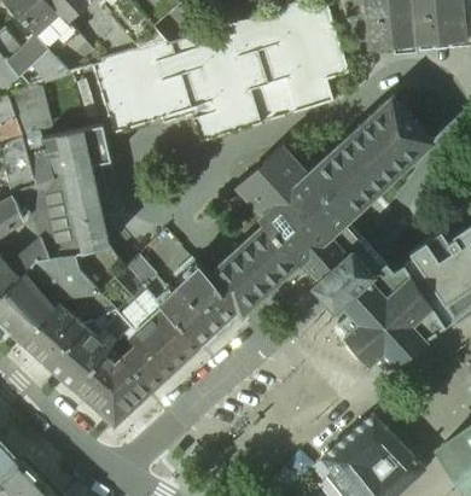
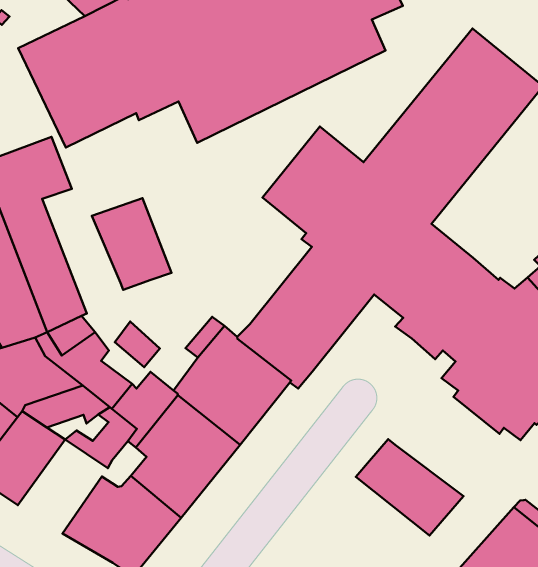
building: none -> [92,198,172,290]
building: [46,327,109,389] -> none
building: none -> [356,439,464,536]

